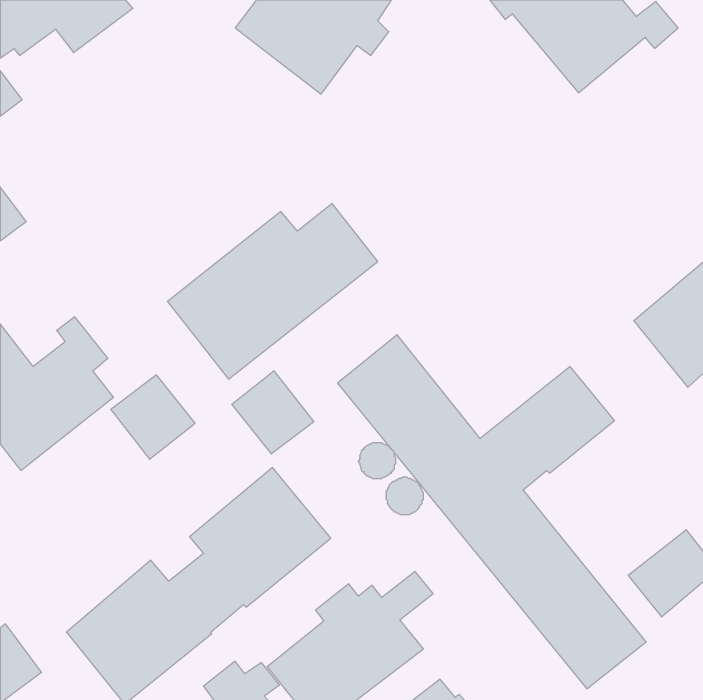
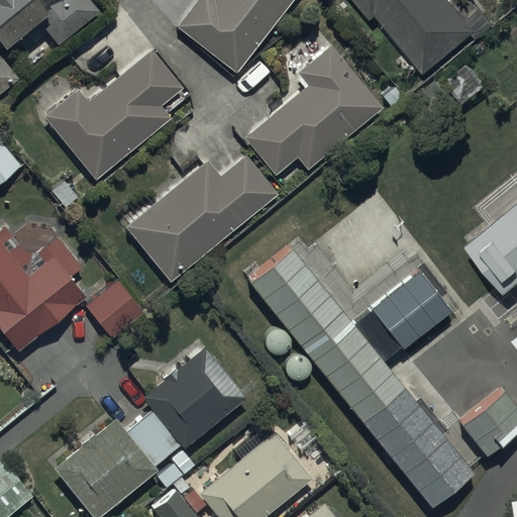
building: none -> [243,43,383,176]
building: none -> [44,48,184,180]
building: [232,371,314,454] -> none

